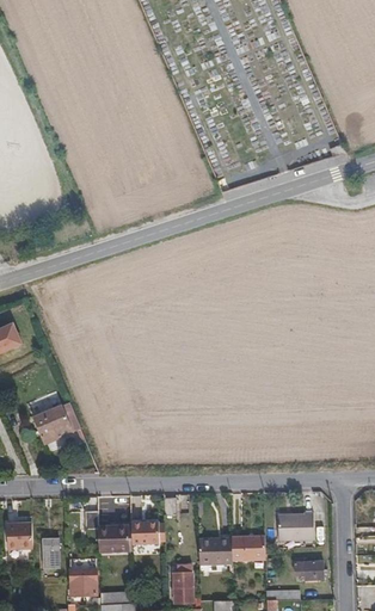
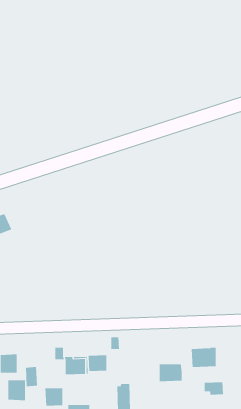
building: [30,402,70,442] -> none
building: [198,538,233,564] -> none
building: none -> [8,379,26,401]

